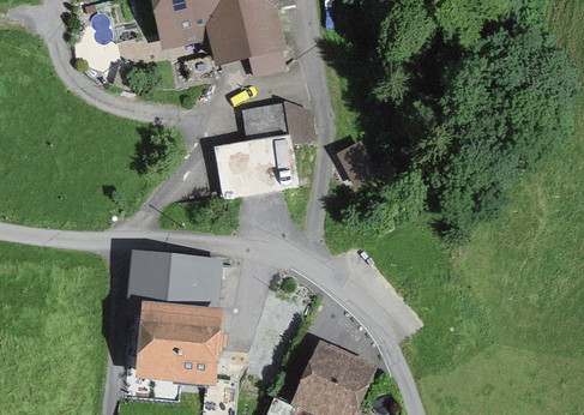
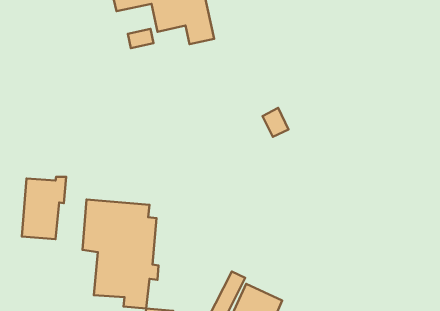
building: [218,102,314,196] -> none
building: none -> [22,177,66,239]

